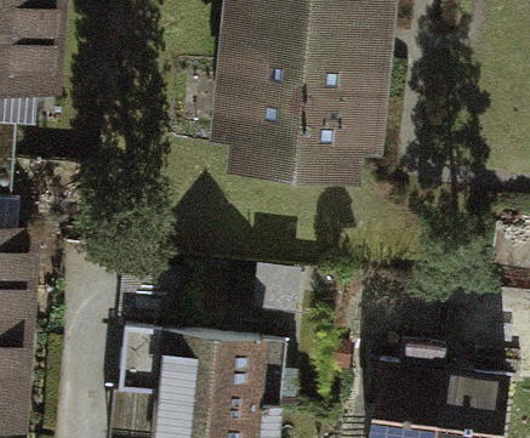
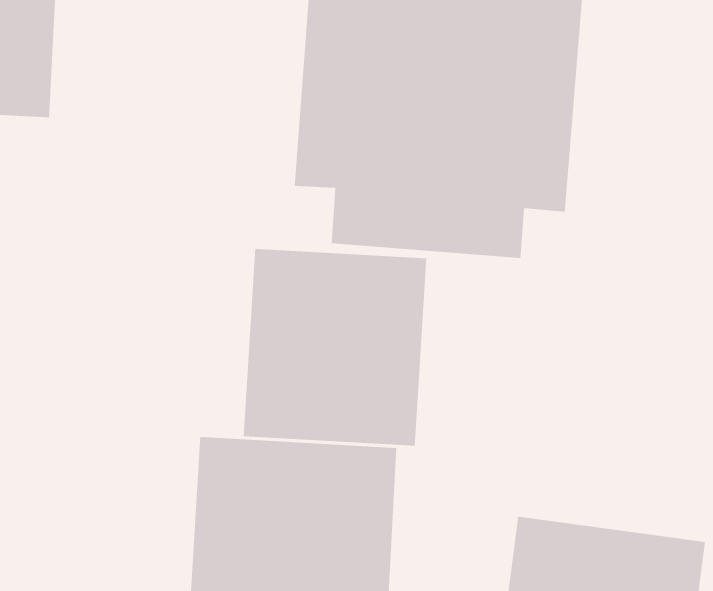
building: none -> [243,248,427,447]

